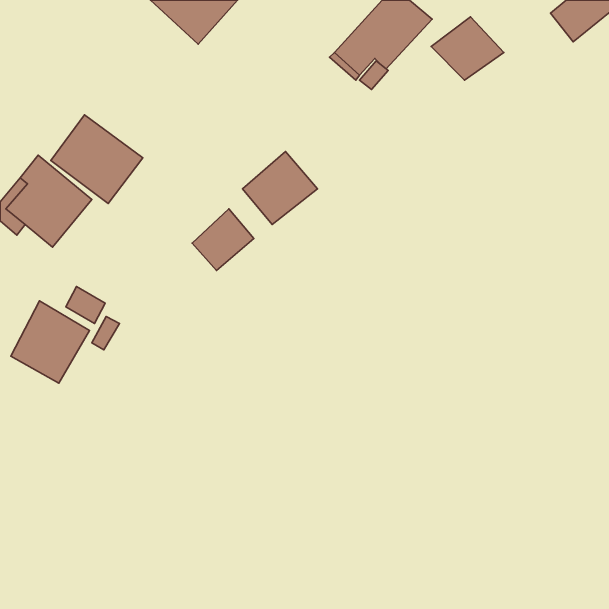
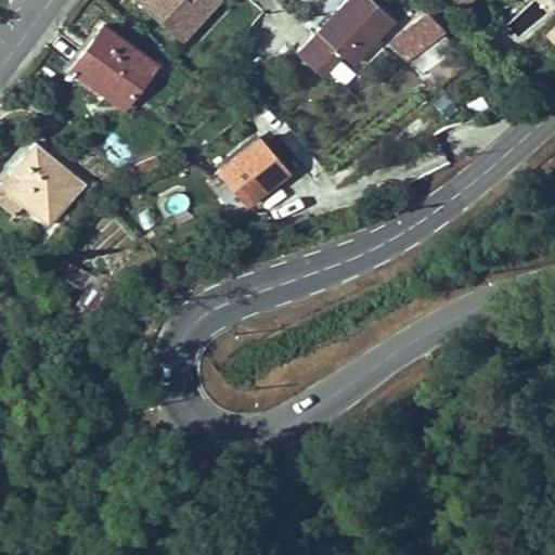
building: [51,115,143,203] -> [73,27,156,107]
building: [192,209,254,271] -> none
building: [11,301,90,383] -> none

